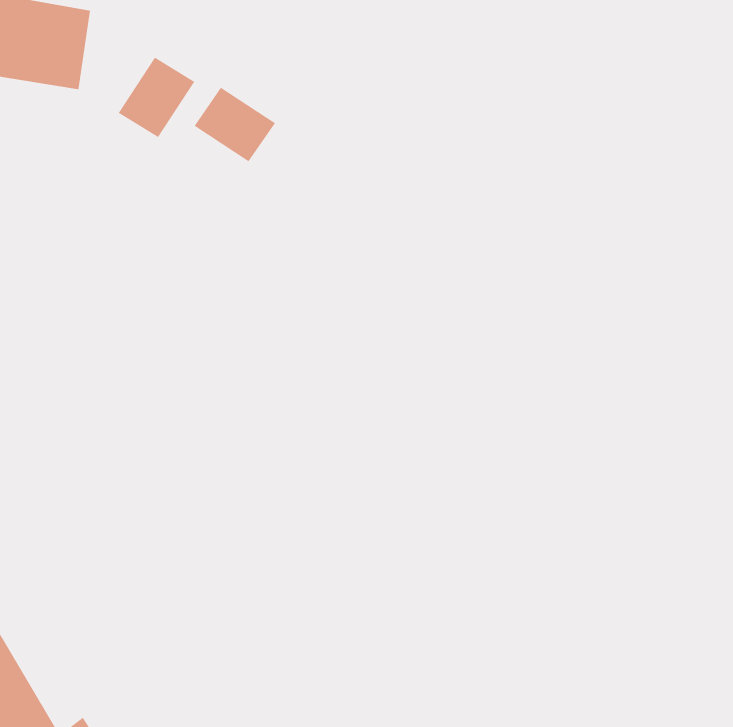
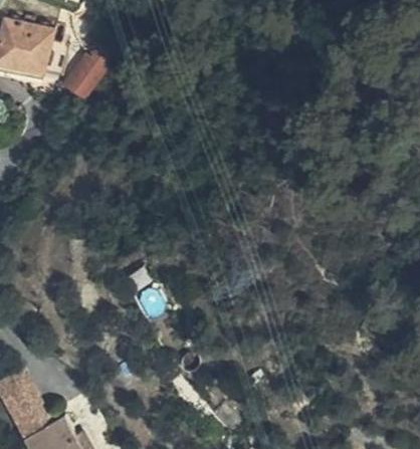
building: [194,87,276,162] -> none

